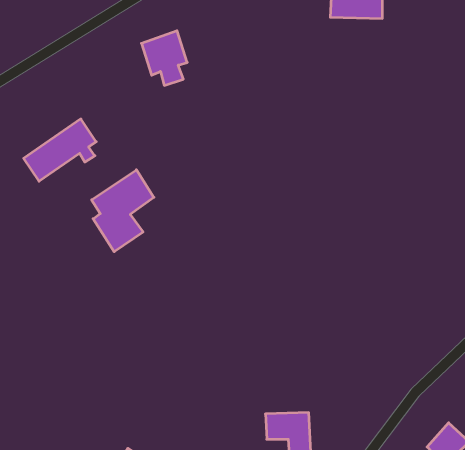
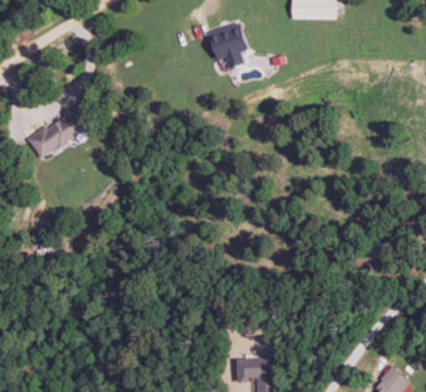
building: [141,31,187,85] -> [208,22,247,69]
building: [92,170,154,252] -> none

